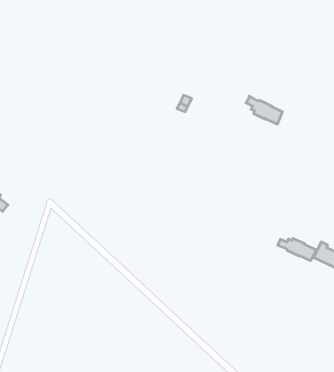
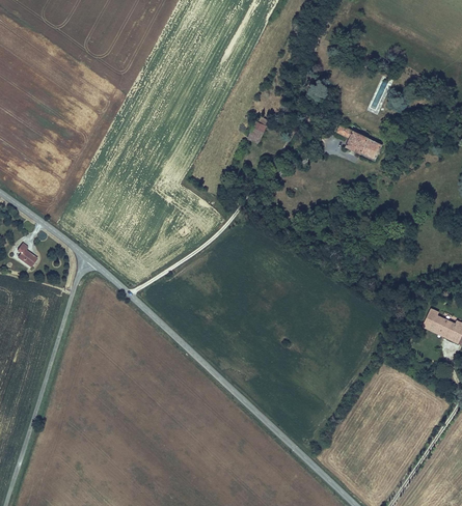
building: [278,238,316,261] -> none

